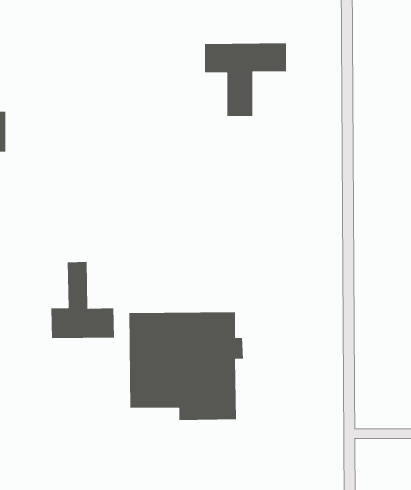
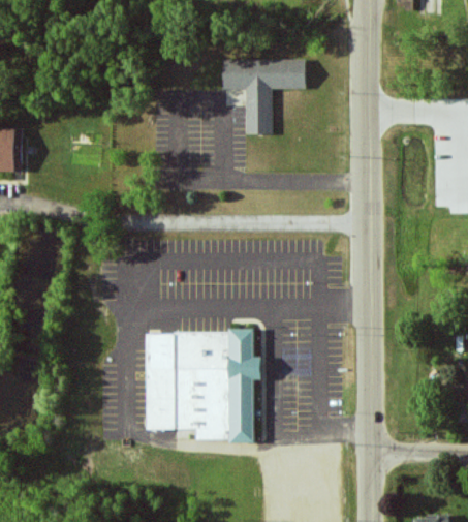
building: [51,261,115,339] -> none

